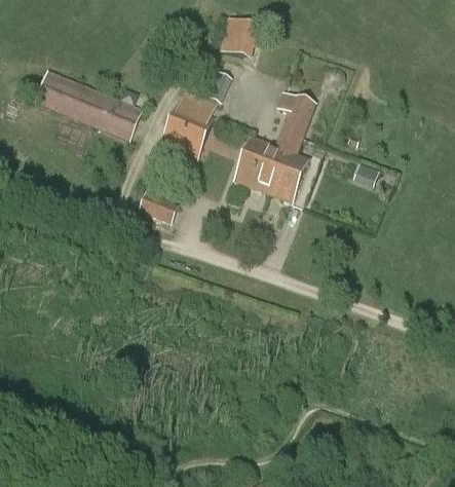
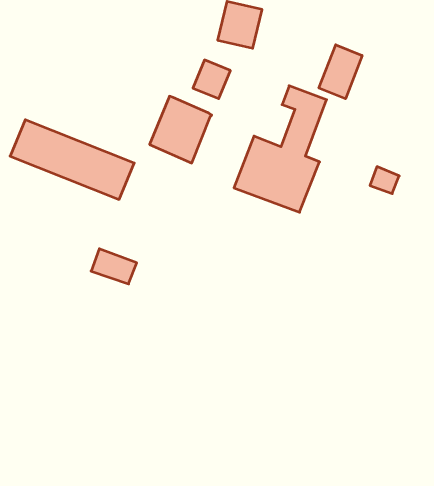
building: none -> [319,45,362,99]
building: [34,70,143,140] -> [10,120,134,199]
building: [138,192,178,223] -> [91,249,137,284]

